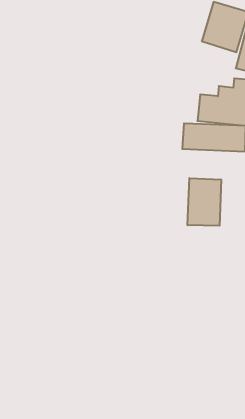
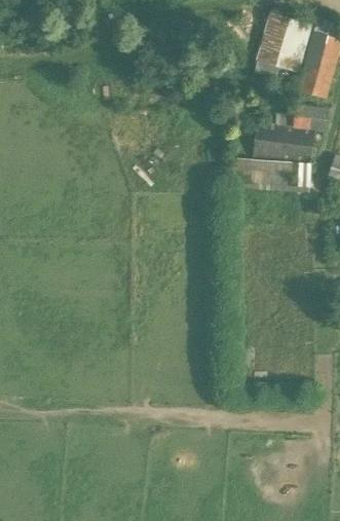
building: [188,178,221,226] -> none

